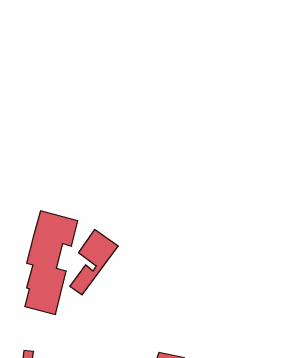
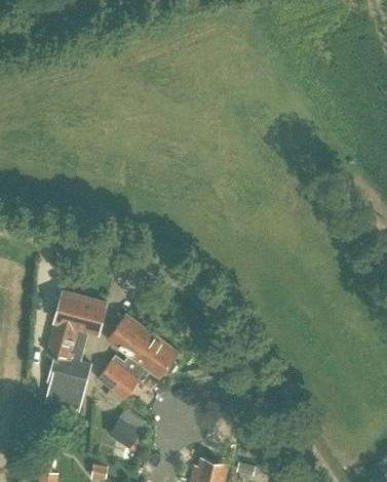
building: none -> [111,333,179,400]
building: none -> [108,416,142,450]

